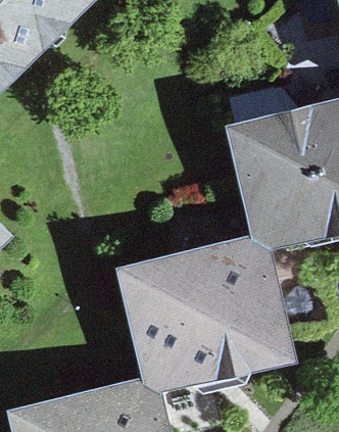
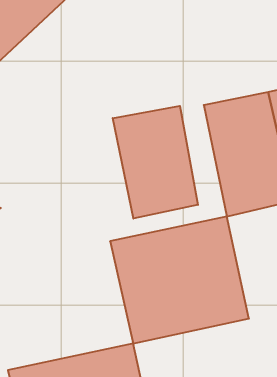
building: none -> [113,106,198,219]

